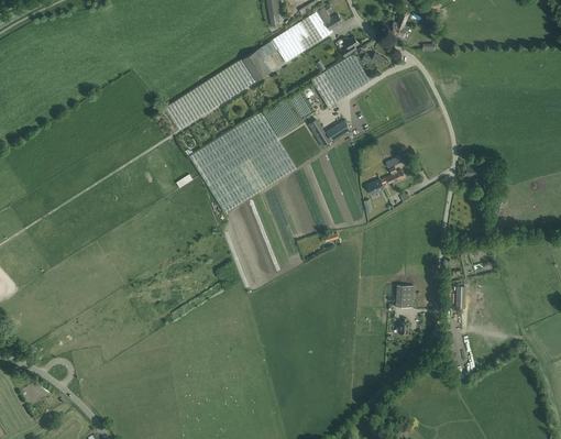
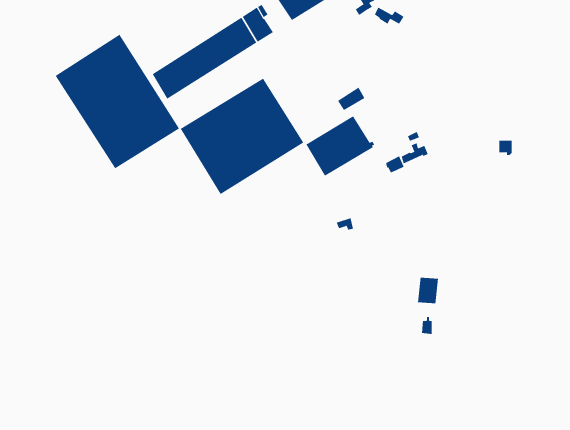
building: [311,54,372,107] -> [305,115,375,176]
building: none -> [55,34,180,169]

